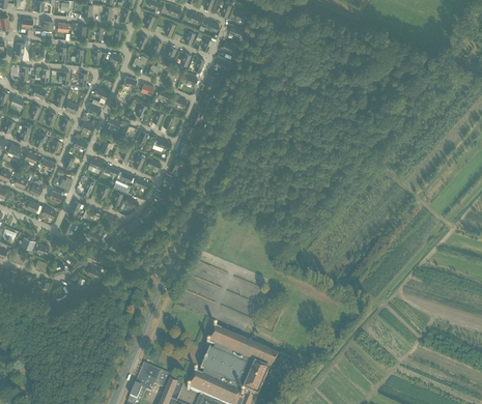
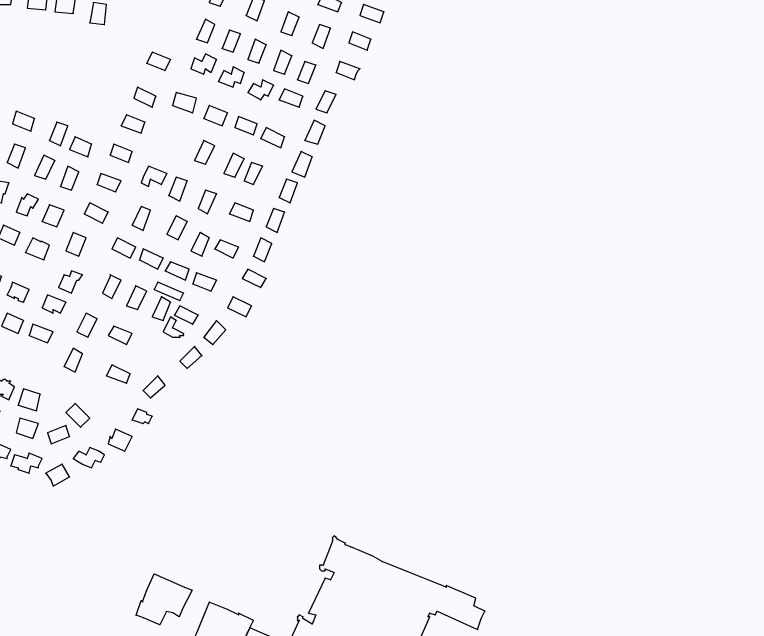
building: none -> [136,574,192,625]

